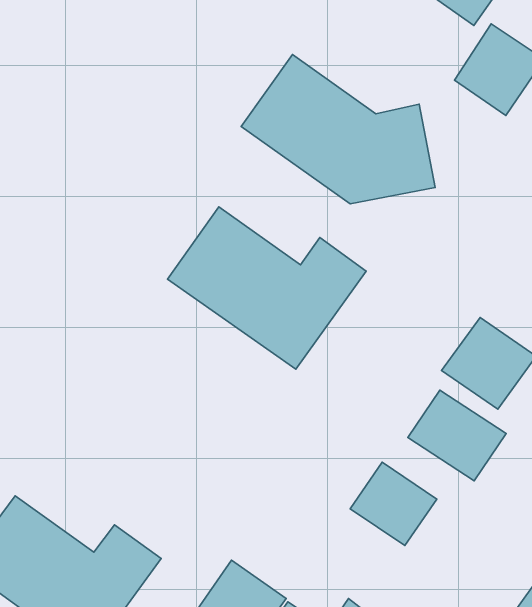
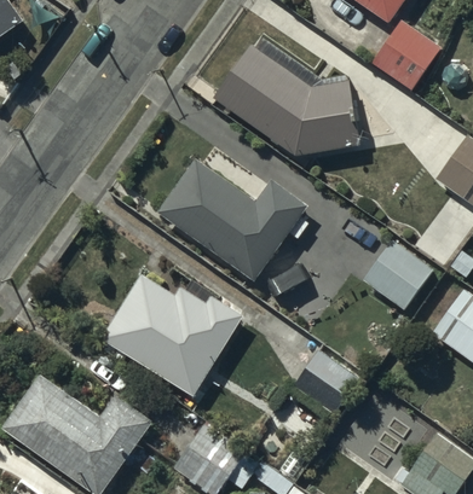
building: none -> [99,273,242,396]
building: [408,390,506,481] -> none

